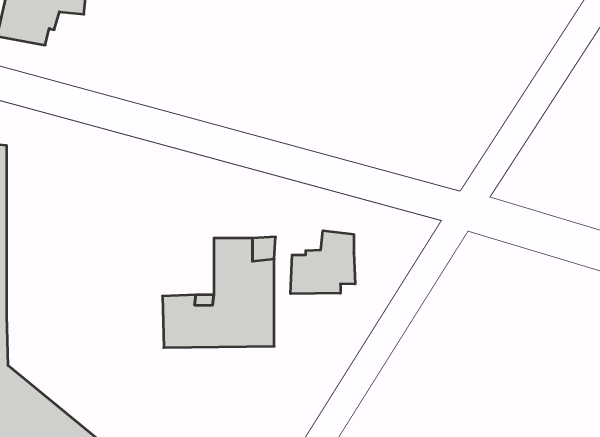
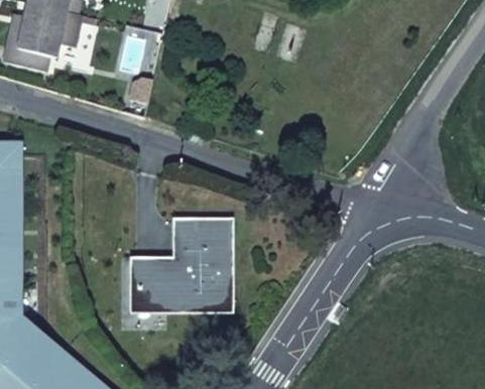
building: [291,231,355,294] -> none

